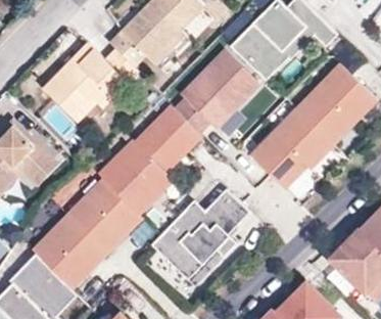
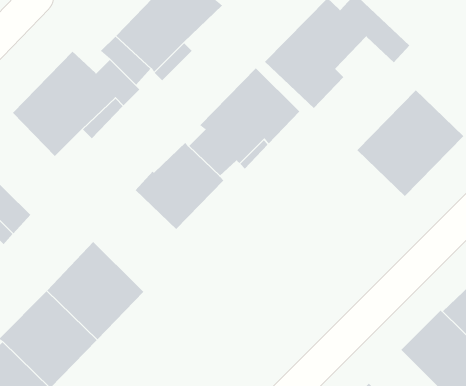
building: [252,111,333,189] -> none
building: [97,141,171,214] -> none
building: [152,190,251,275] -> none

